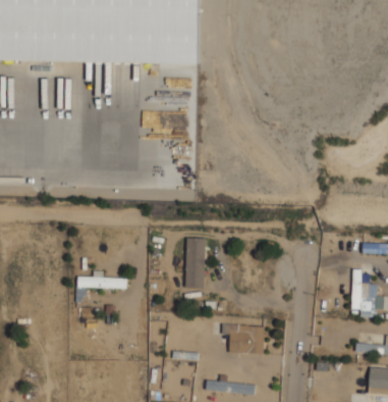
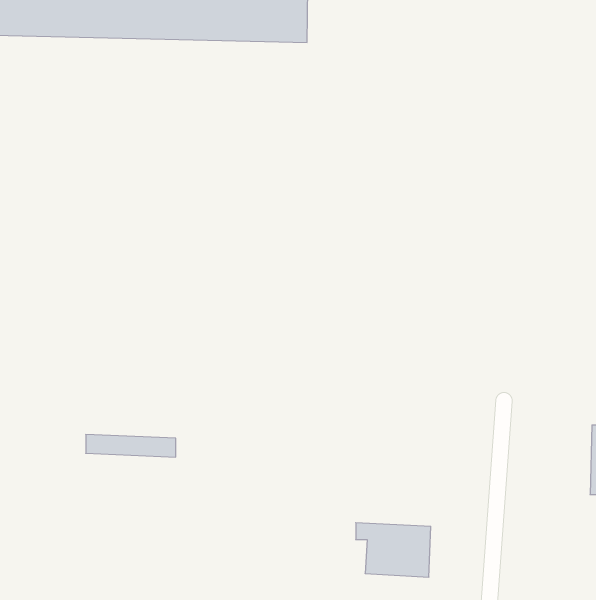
building: [186,237,206,287] -> none

